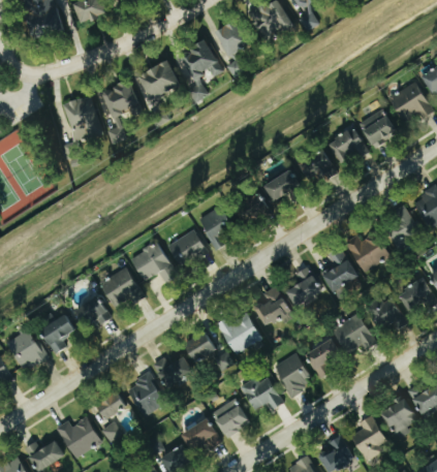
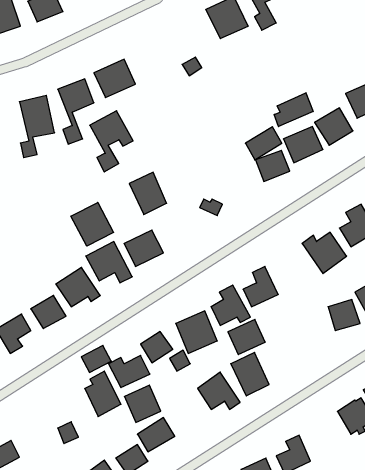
building: [213,20,248,56] -> none
building: [179,41,222,102] -> [90,111,133,172]
building: none -> [274,93,313,127]
building: [263,168,300,201] -> [245,127,282,160]
building: none -> [71,202,114,246]
building: [198,206,236,248] -> [129,172,167,215]
building: [321,248,356,294] -> none
building: [333,314,373,353] -> none
building: [306,339,343,374] -> [228,319,265,355]
building: [95,391,125,418] -> [81,345,111,372]
building: [212,399,248,436] -> [124,385,161,422]
building: [350,415,388,459] -> none
building: [55,416,101,459] -> none

